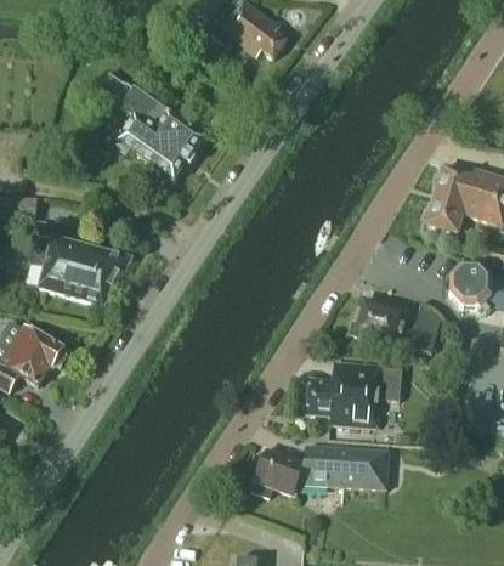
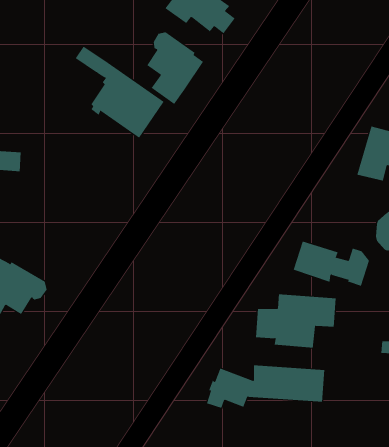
building: none -> [146,32,204,105]
building: [33,233,131,305] -> none

